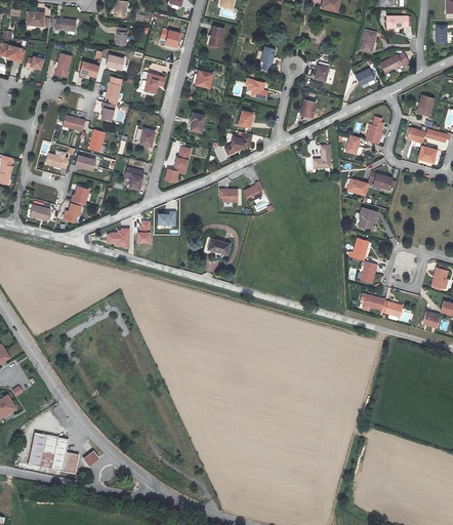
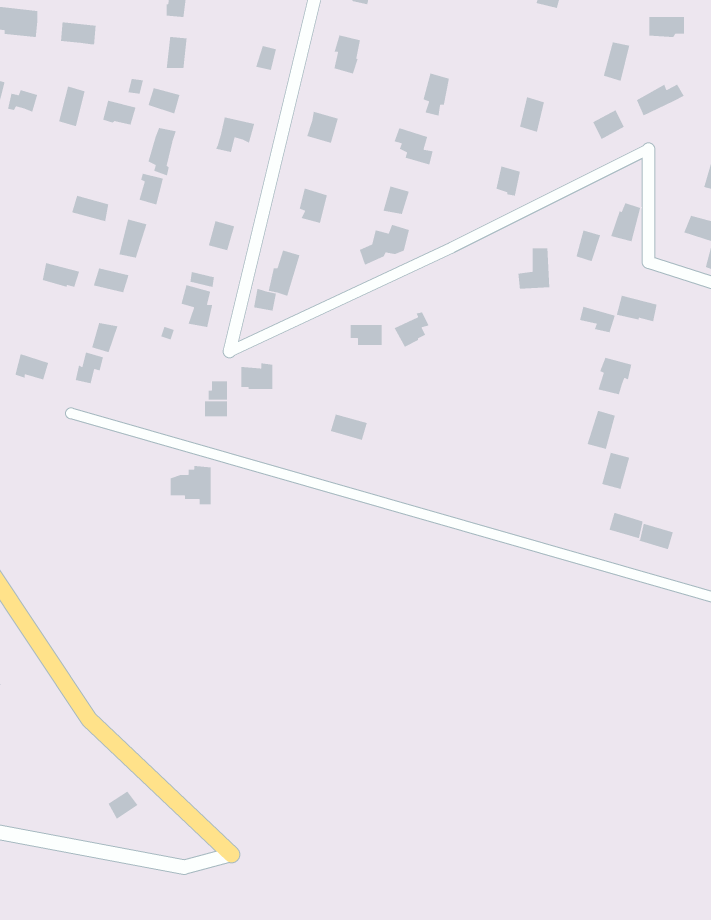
building: [106,227,129,249] -> [170,465,212,505]
building: [30,432,79,474] -> none

